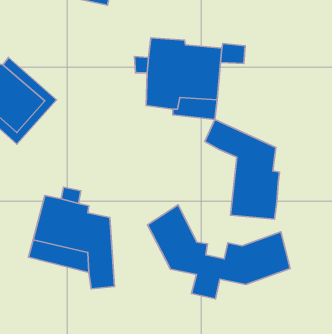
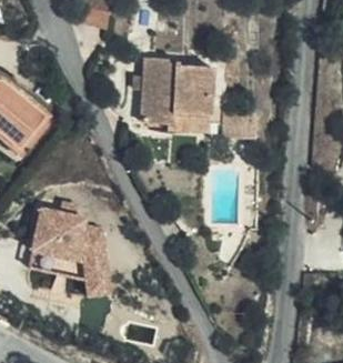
building: [205,120,280,219] -> none
building: [148,205,290,299] -> none

